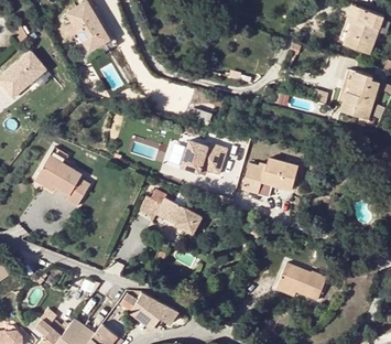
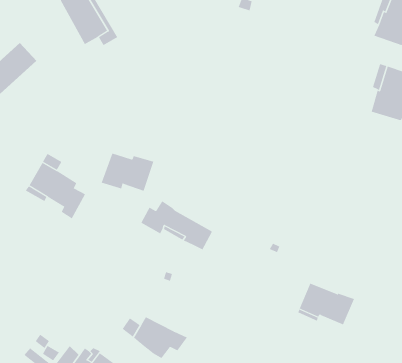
building: [181,141,228,175] -> [101,153,154,192]
building: [241,159,297,193] -> none

